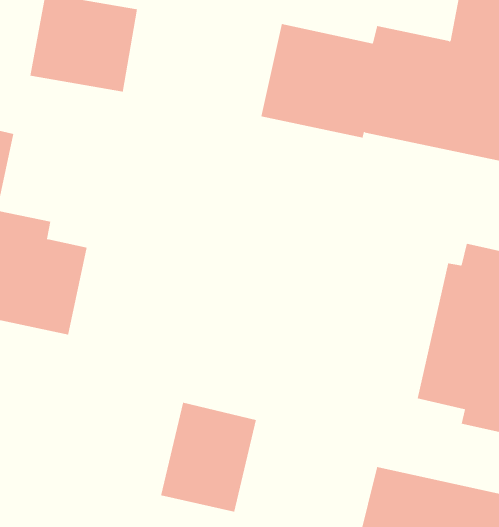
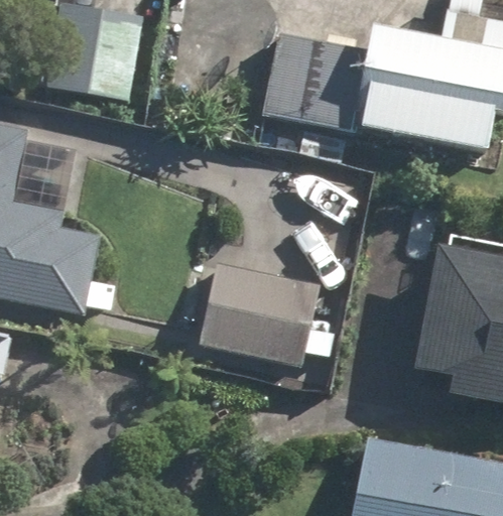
building: none -> [201,261,322,368]
building: [161,402,256,512] -> none

